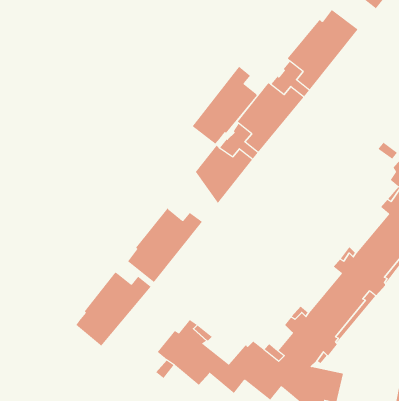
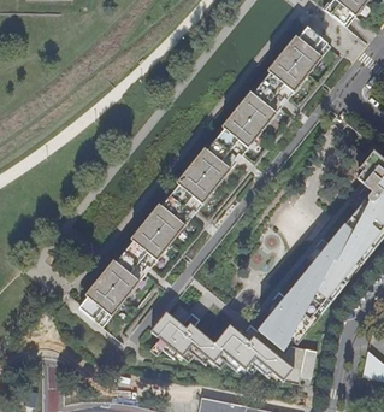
building: [192,66,258,144] -> none

